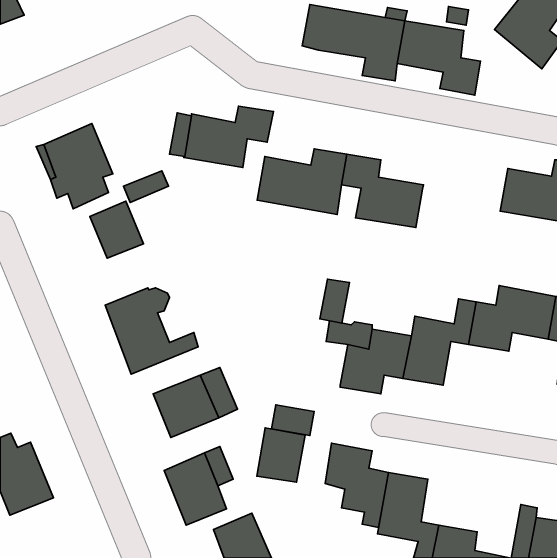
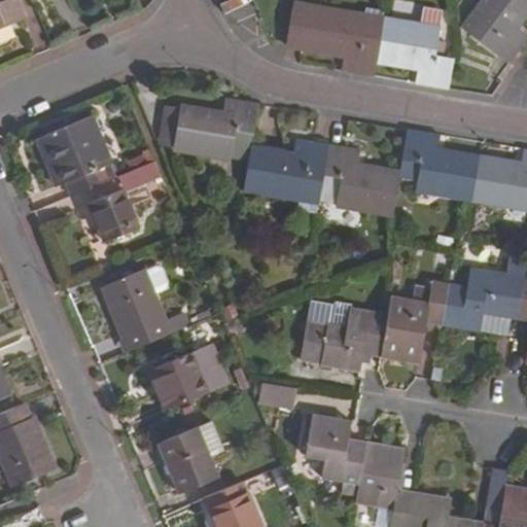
building: none -> [399,130,480,199]
building: [320,279,349,323] -> [302,321,329,362]
building: [257,428,305,482] -> none

